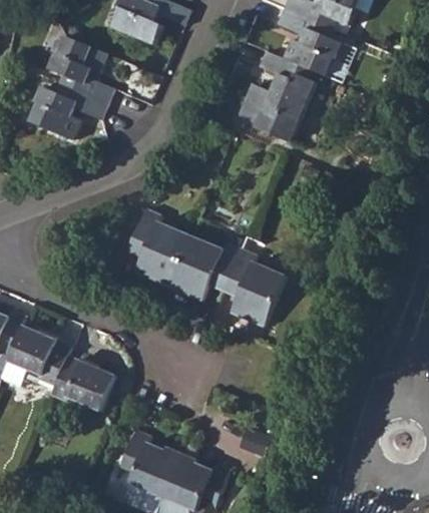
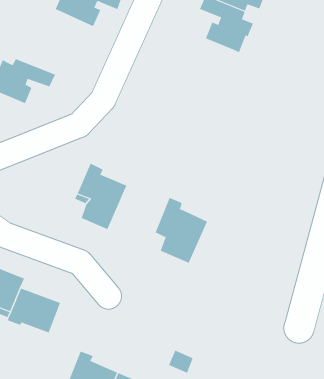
building: [48,35,112,101] -> none
building: [237,50,315,141] -> none
building: [167,233,241,301] -> none

